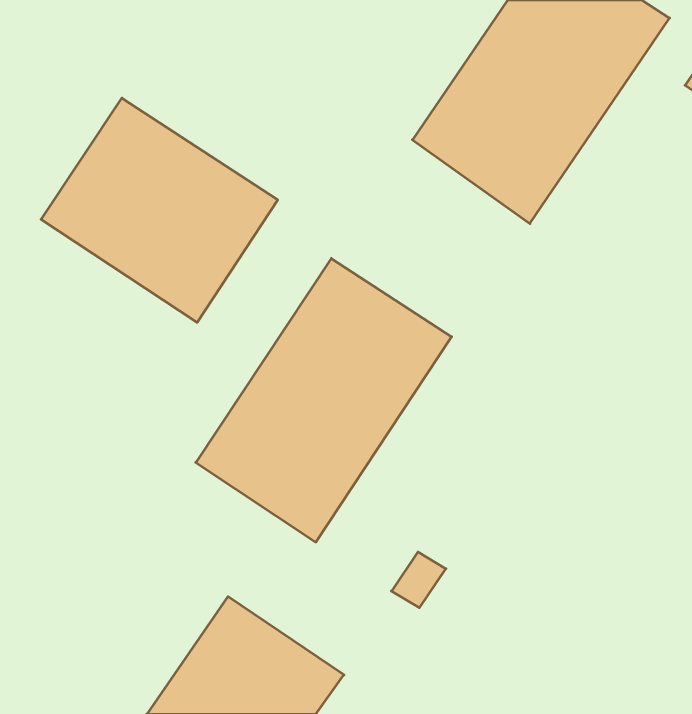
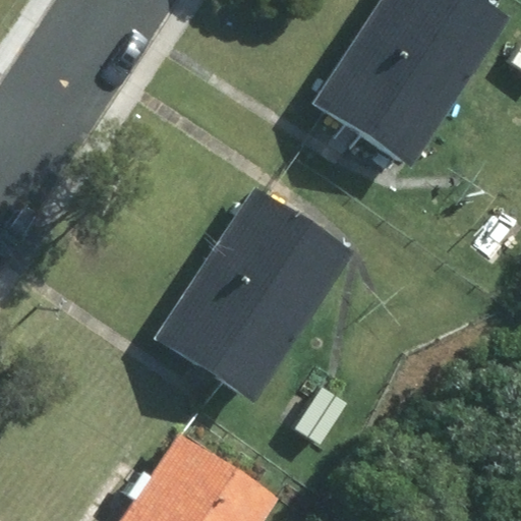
building: [41,98,278,322] -> none

